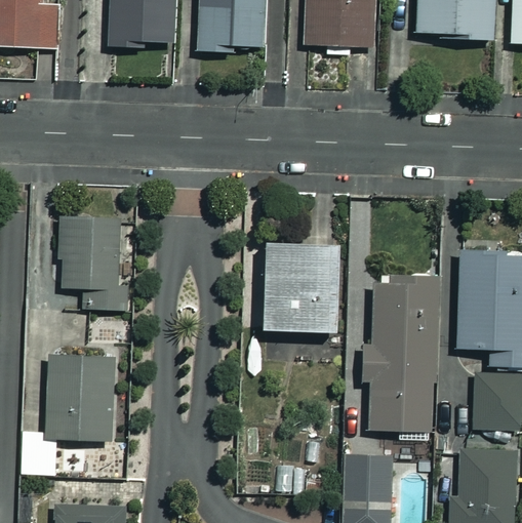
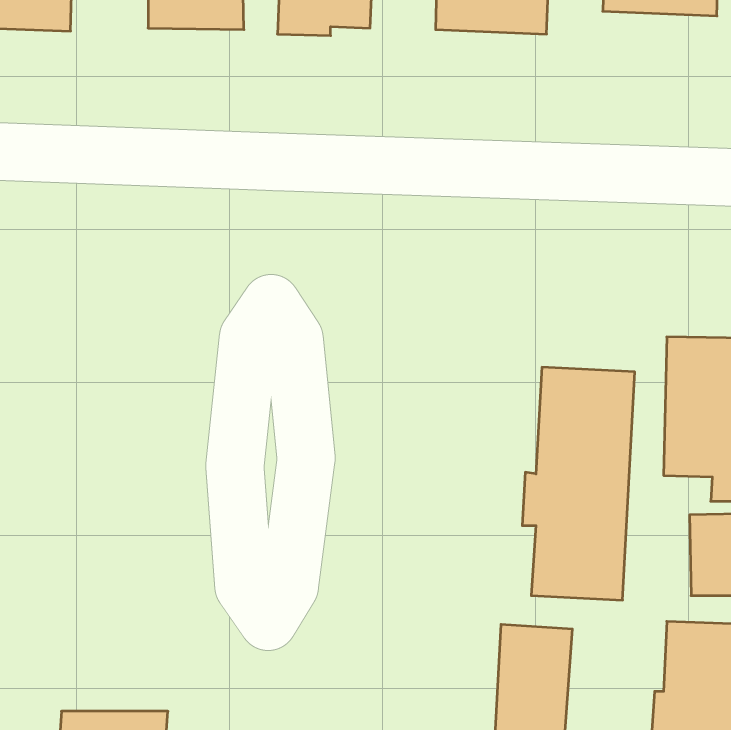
building: [59,217,127,310] -> none
building: [260,244,336,331] -> none
building: [24,355,114,474] -> none

